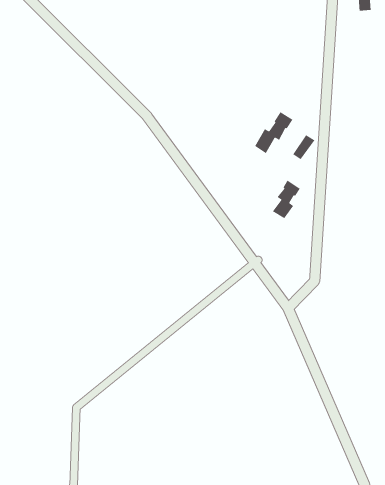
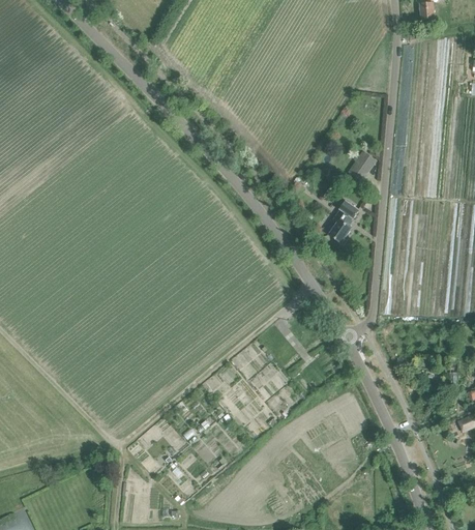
building: [254,111,294,154] -> none

